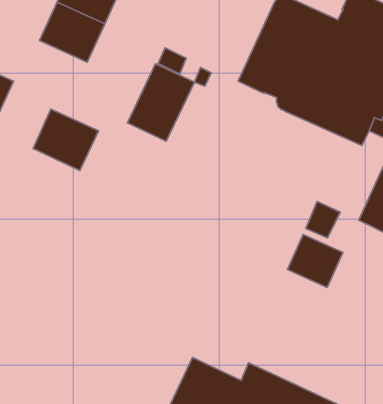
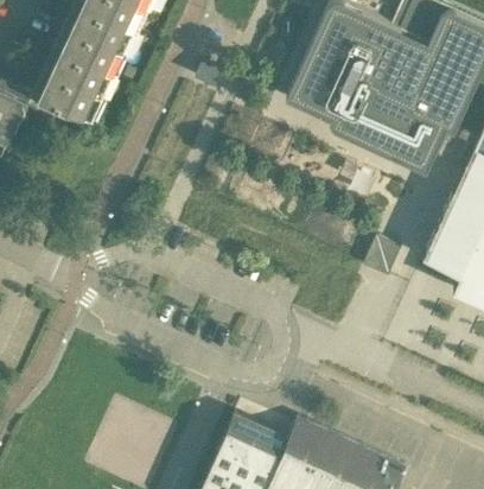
building: [127,64,194,141] -> none
building: [33,109,99,170] -> [38,53,113,123]
building: [287,235,343,287] -> none

